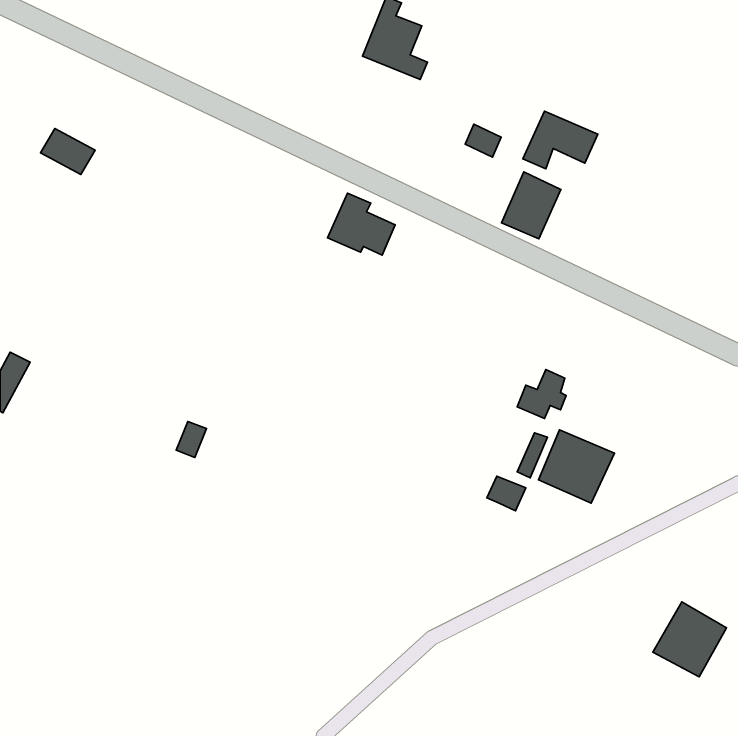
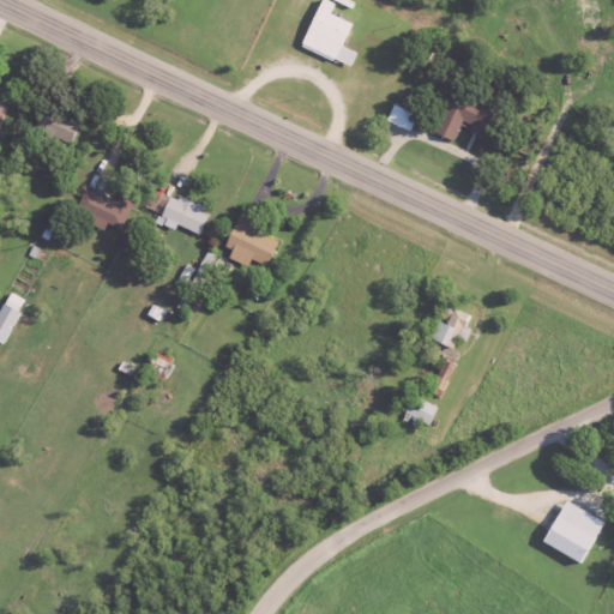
building: [501,172,561,239] -> none
building: [327,193,395,255] -> [221,215,277,266]
building: none -> [76,189,133,229]
building: none -> [159,195,209,234]
building: [538,430,615,503] -> none

